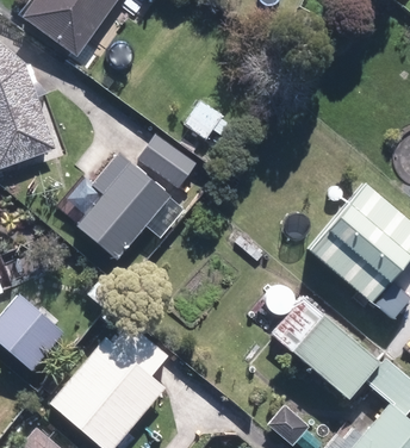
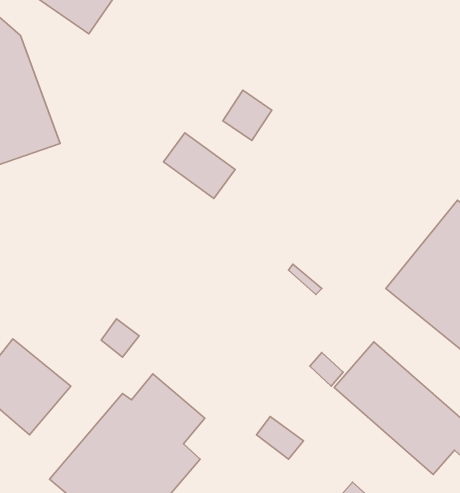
building: [79,158,169,253] -> none

